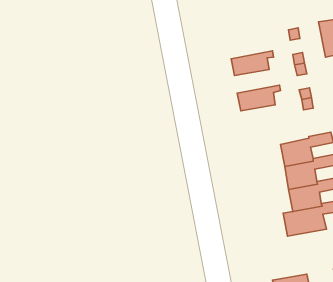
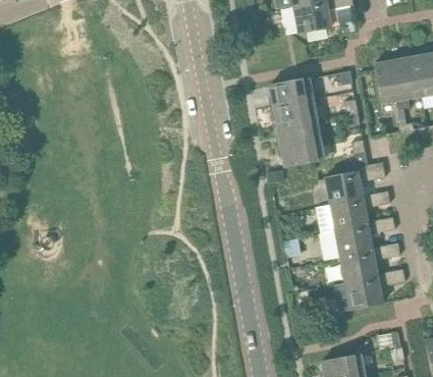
building: none -> [268,76,320,105]
building: none -> [276,117,328,145]
building: none -> [324,161,385,204]

